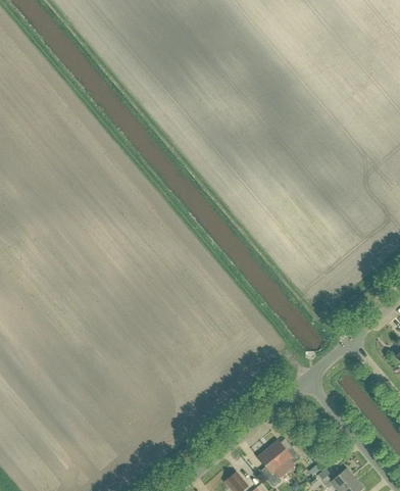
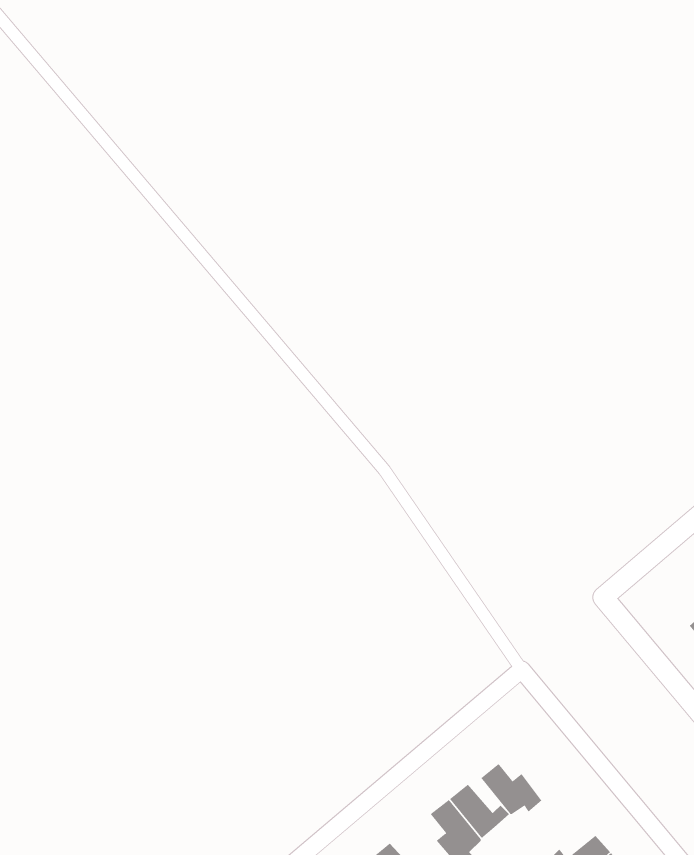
building: none -> [481,763,542,815]

